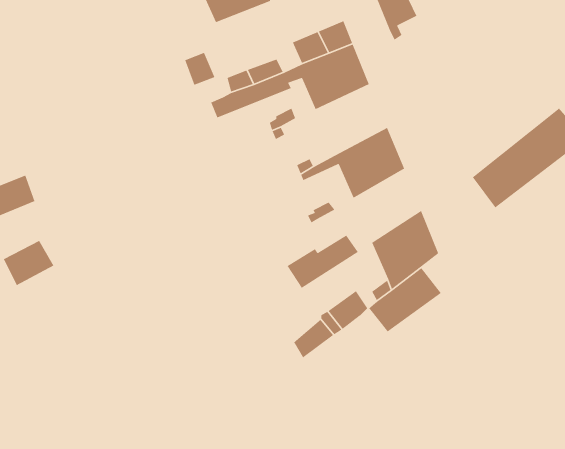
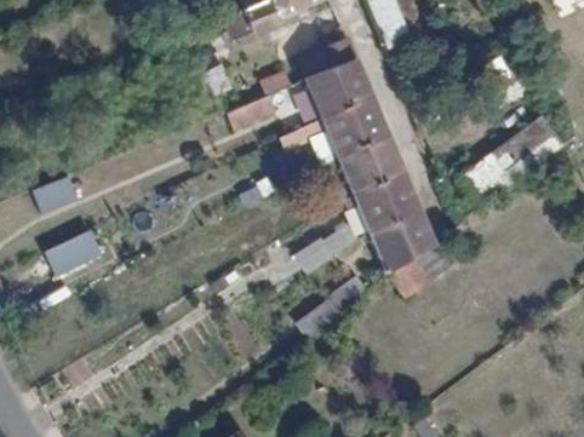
building: none -> [322,94,387,157]
building: none -> [356,169,417,235]

